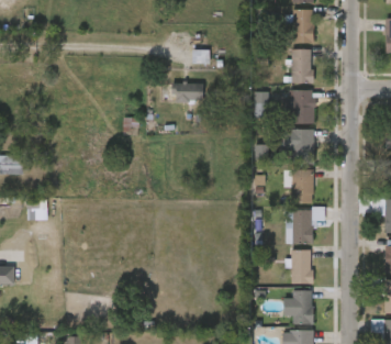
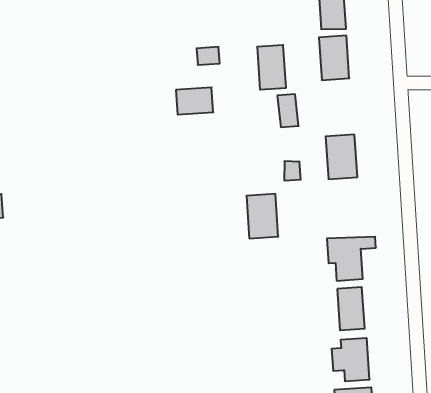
building: [292,89,313,123] -> [257,45,286,90]
building: [290,168,313,202] -> [246,194,278,238]

